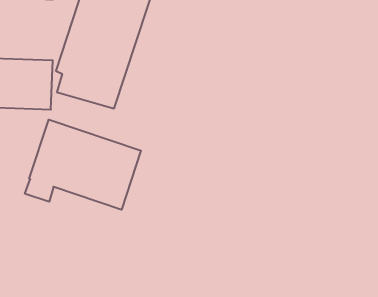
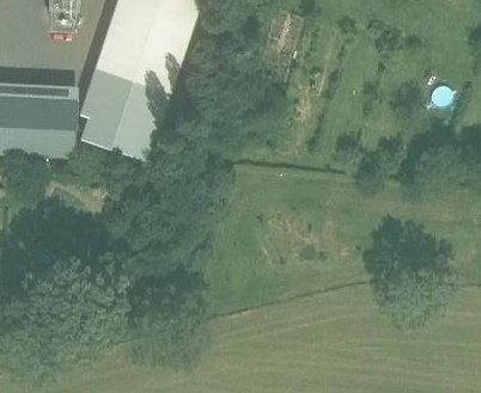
building: [25,120,141,210] -> none

